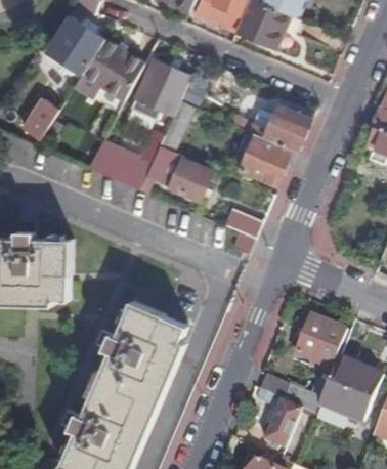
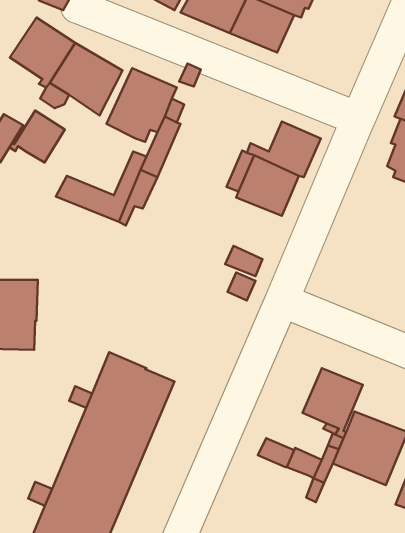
building: none -> [9,111,65,162]
building: [168,161,211,201] -> none
building: [263,398,300,446] -> none

